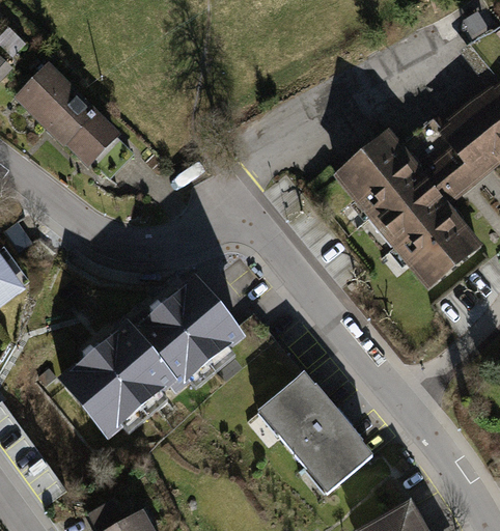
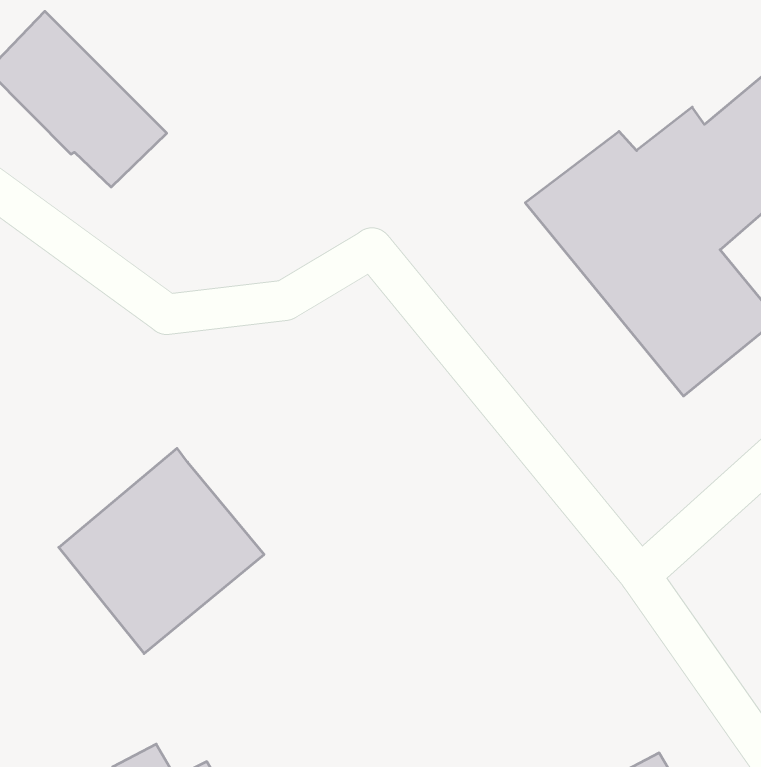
building: [132,277,246,389] -> none
building: [256,372,378,500] -> none

